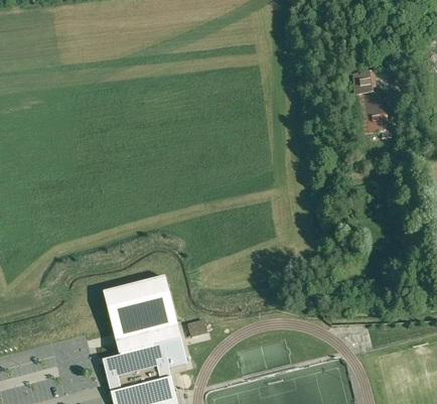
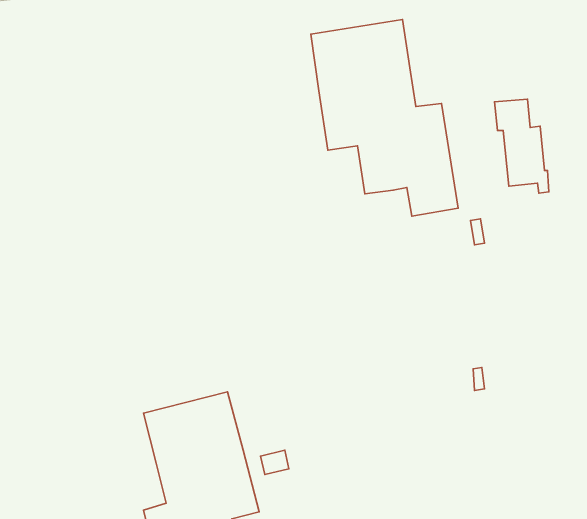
building: none -> [311,20,458,216]

